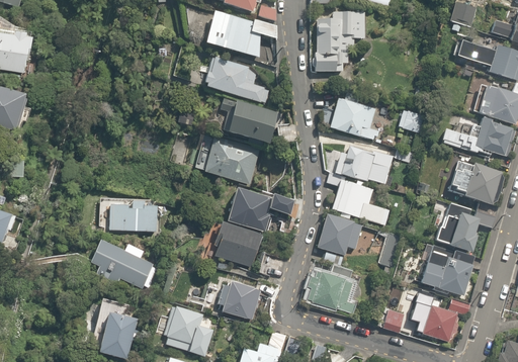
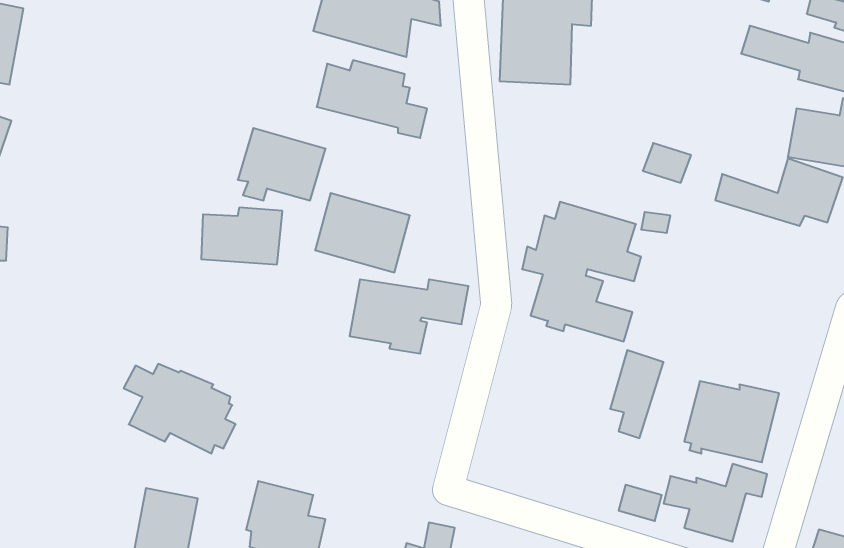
building: [330,97,377,139] -> none
building: [225,100,276,143] -> [238,128,326,200]
building: [448,159,501,204] -> none
building: [110,198,158,232] -> [201,208,282,264]
building: [434,201,496,252] -> none
building: [316,213,363,255] -> none
building: [212,221,263,267] -> none
building: [306,269,358,314] -> none
building: [221,283,260,320] -> none

